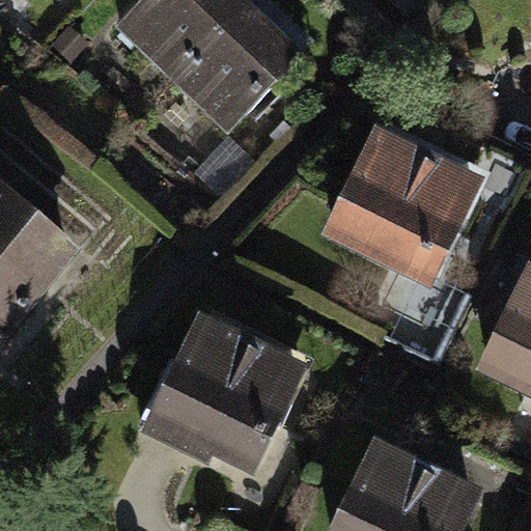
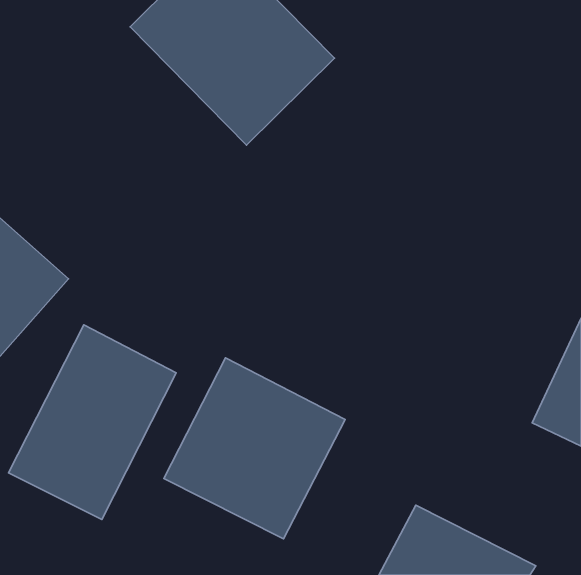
building: [324,130,482,285] -> none
building: none -> [9,325,176,520]

